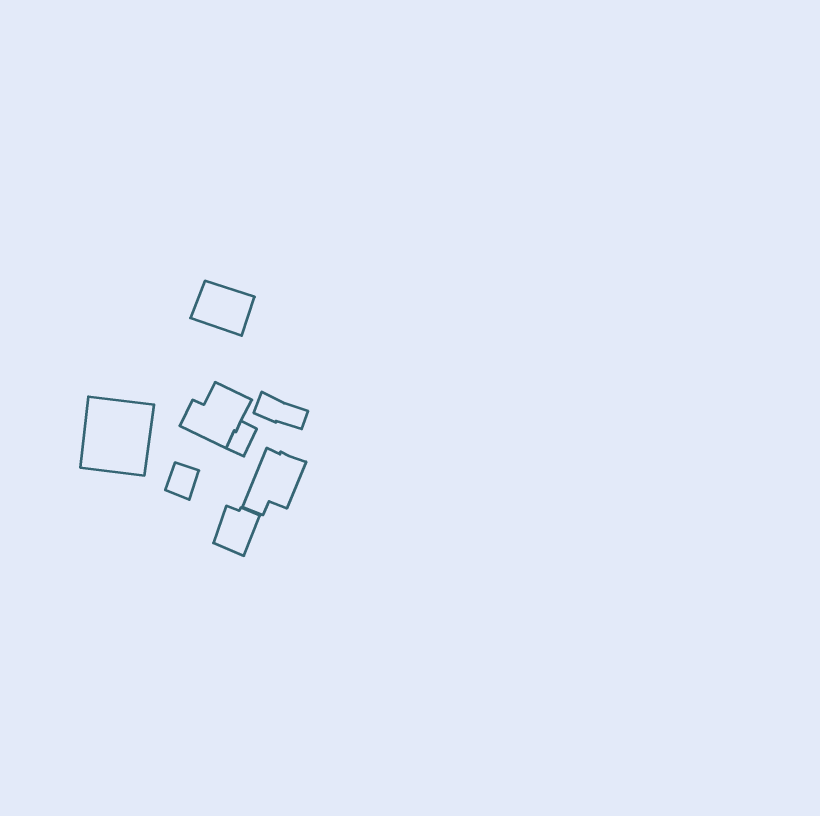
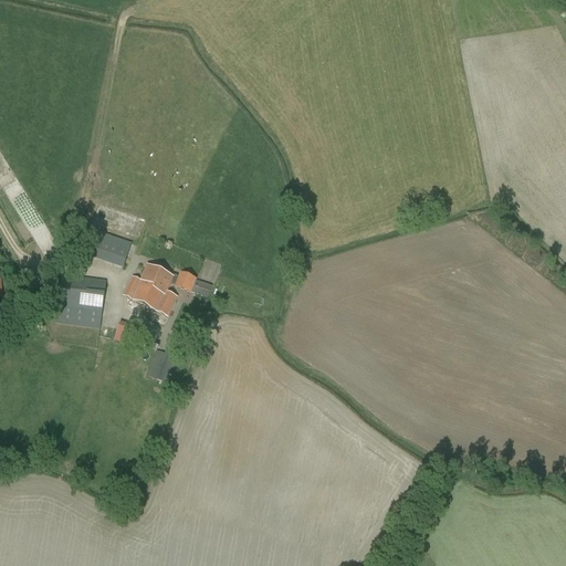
building: [190,281,255,336] -> [87,230,132,268]
building: [243,448,306,515] -> none

